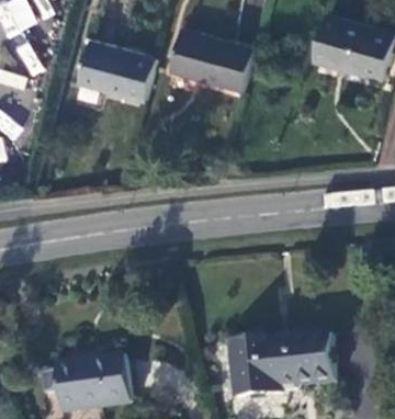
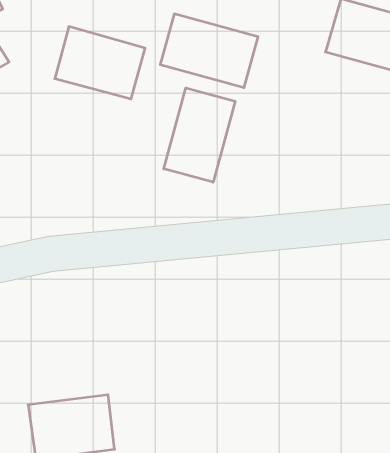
building: none -> [164,88,235,182]
building: [227,331,335,397] -> none

